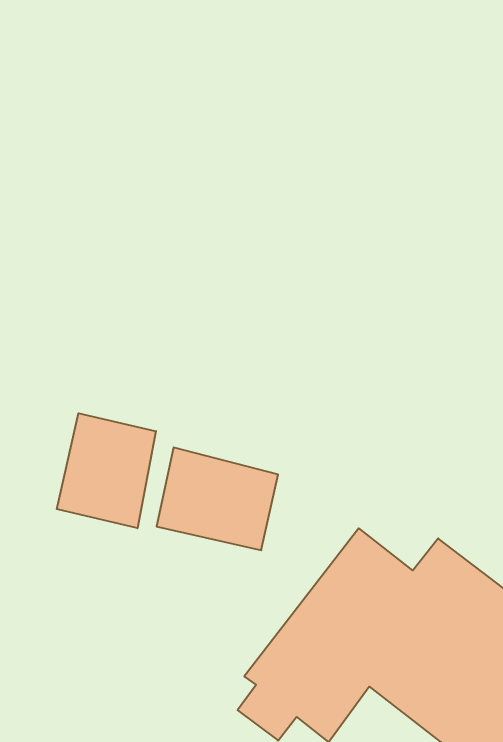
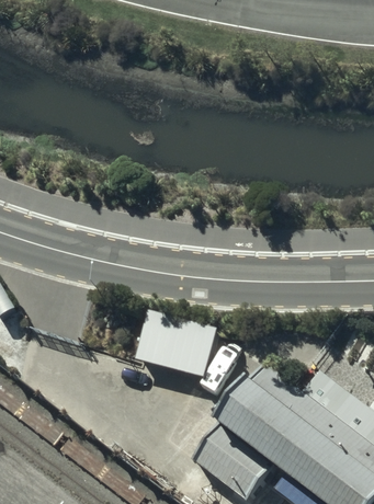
building: [57,413,156,528] -> none

